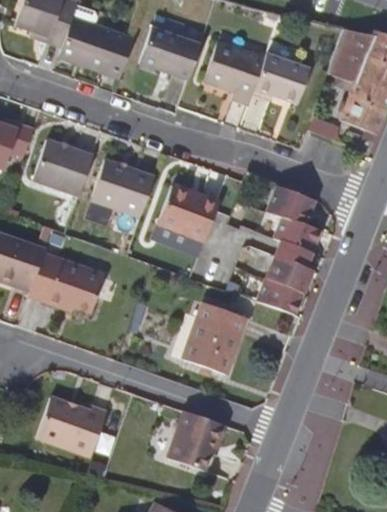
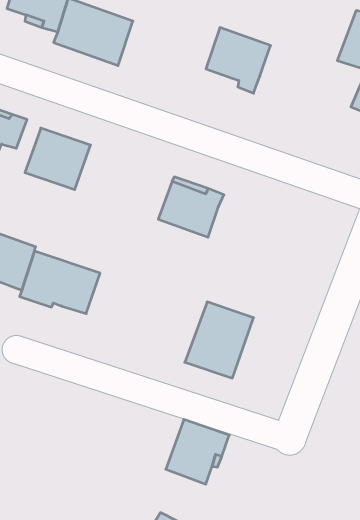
building: [139,27,201,80] -> none
building: [254,53,310,104] -> none
building: [90,158,155,217] -> none
building: [257,185,321,315] -> none
building: [34,400,105,458] -> none

